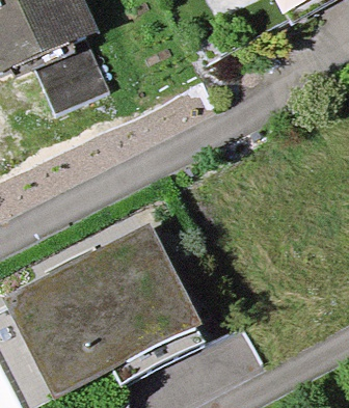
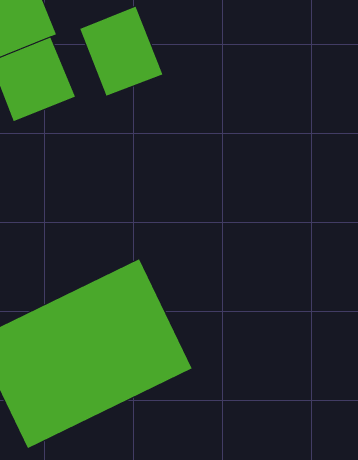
building: none -> [80,6,163,96]

